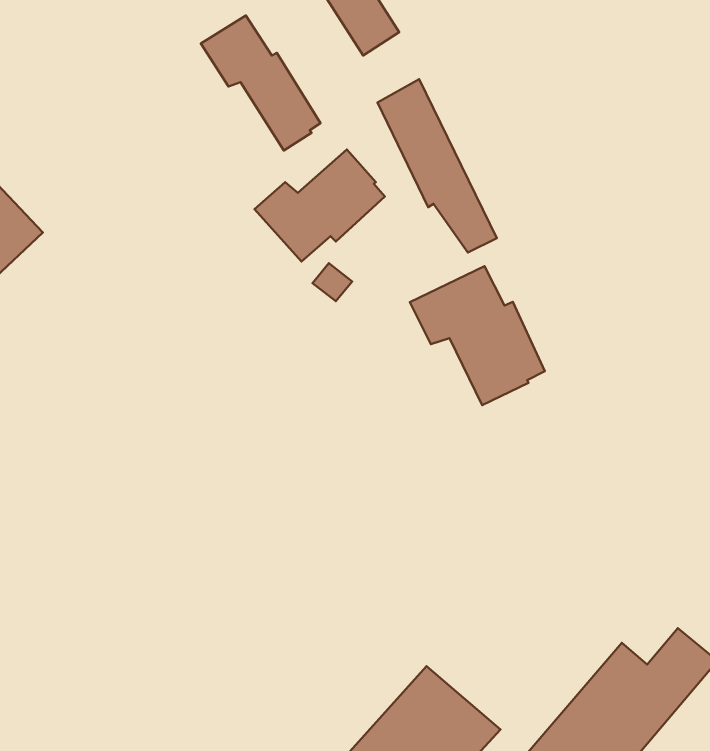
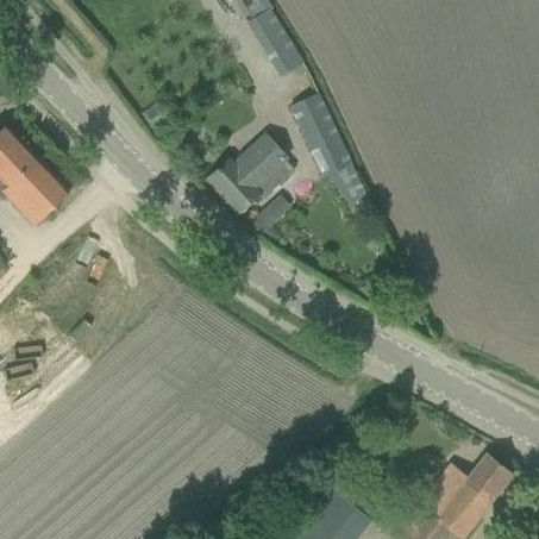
building: [201,15,320,151] -> none
building: [410,266,545,405] -> none

